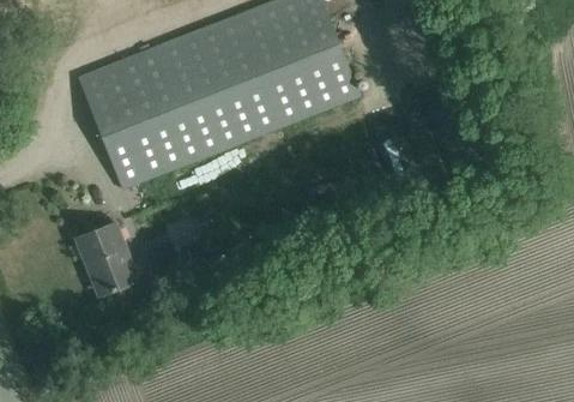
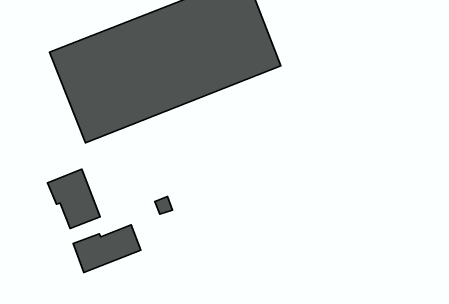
building: none -> [73,225,141,272]

